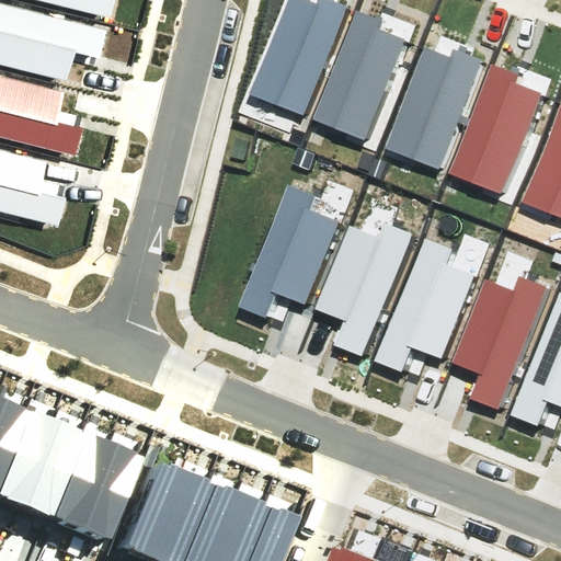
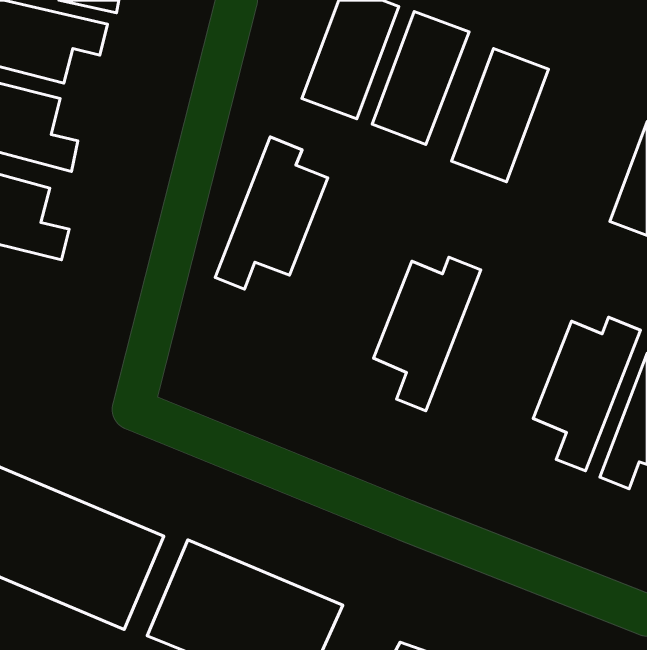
building: [457,72,540,185] -> none
building: [245,186,342,317] -> [215,137,328,289]
building: [380,237,477,367] -> none

